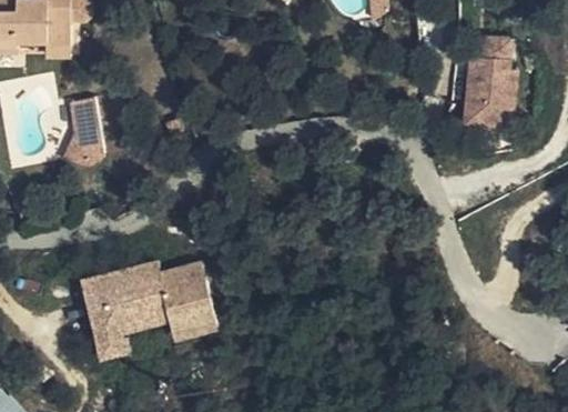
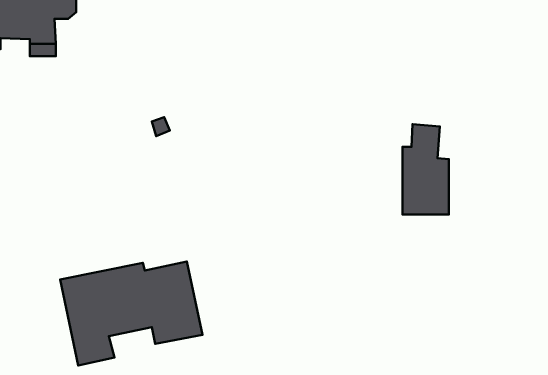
building: [475,36,520,124] -> [402,124,449,215]
building: [69,99,98,157] -> none

